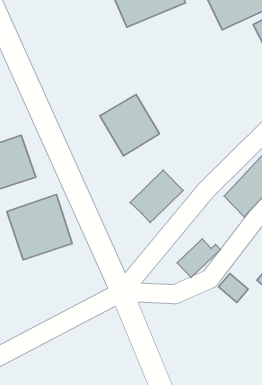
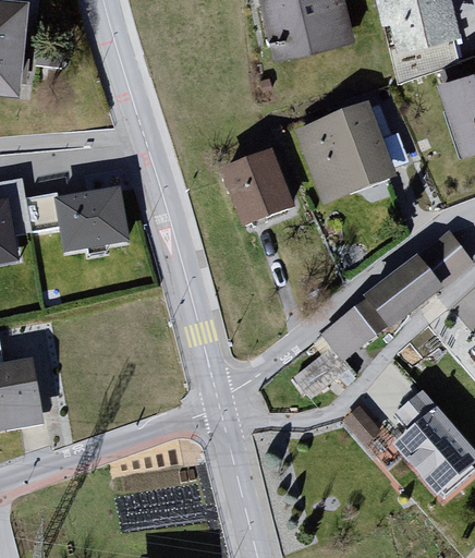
building: none -> [292,105,397,205]
building: [130,170,183,222] -> [318,299,389,364]
building: [7,195,72,260] -> none

